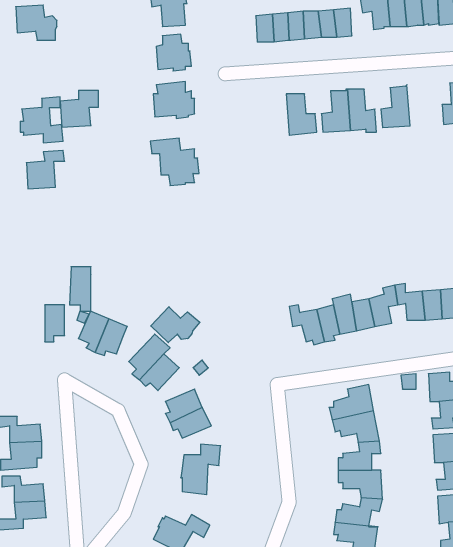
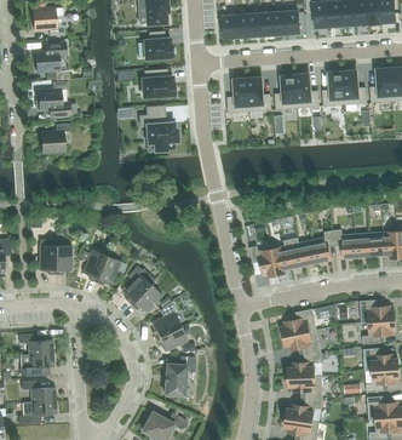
building: none -> [343,72,367,104]
building: [60,90,98,127] -> [35,44,65,73]
building: none -> [228,79,249,113]
building: [70,267,91,311] -> [39,240,56,275]
building: [151,307,200,343] -> none

